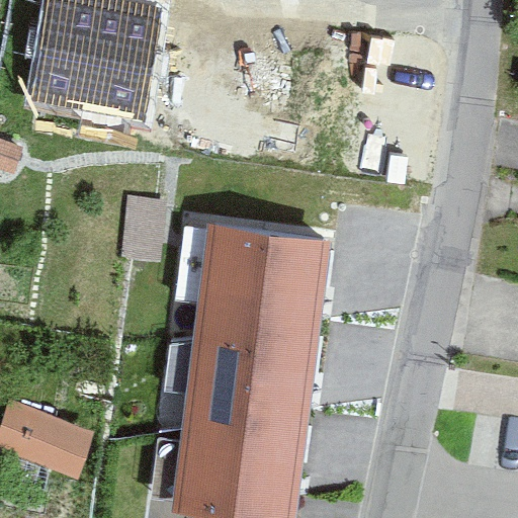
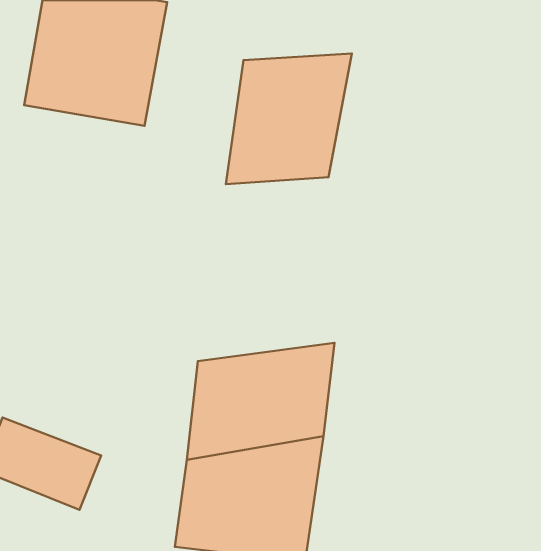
building: none -> [226,53,352,184]
building: [191,225,331,340] -> none

